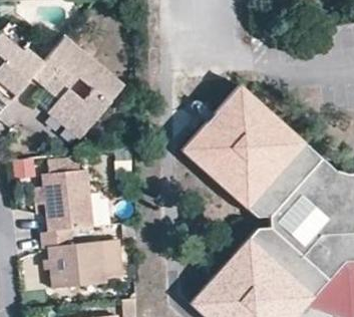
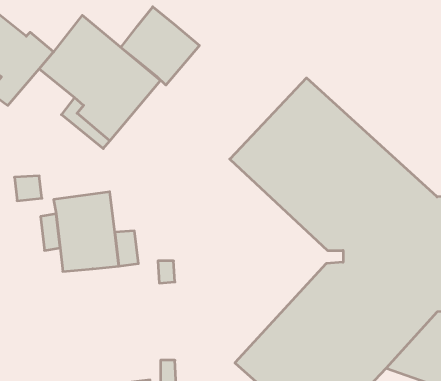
building: none -> [121,7,199,85]
building: [41,229,121,289] -> none

